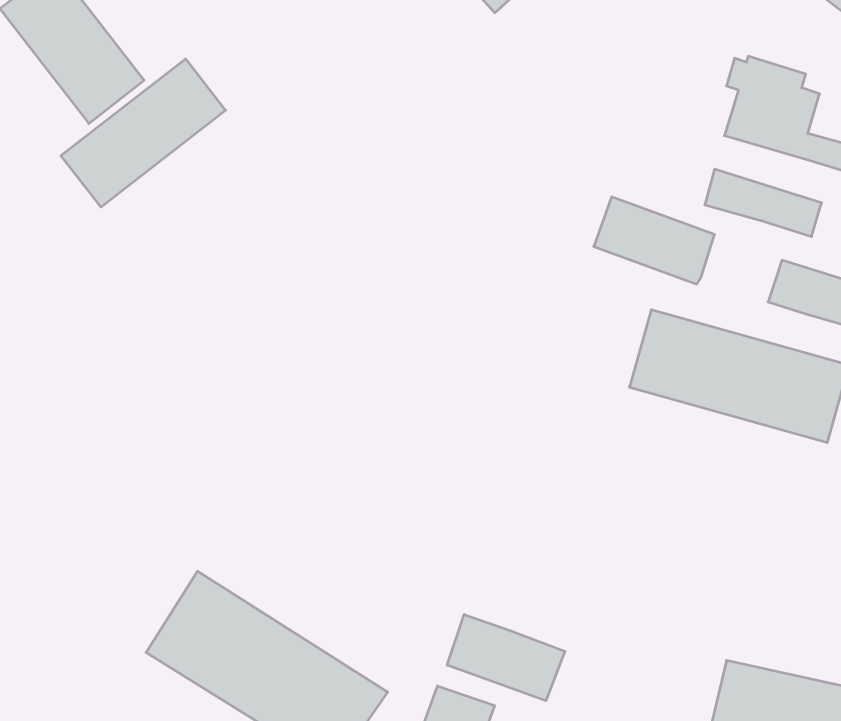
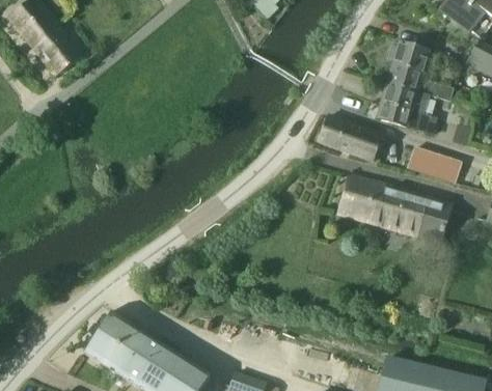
building: [61,59,226,207] -> none
building: none -> [381,83,429,114]
building: [447,614,565,701] -> none

